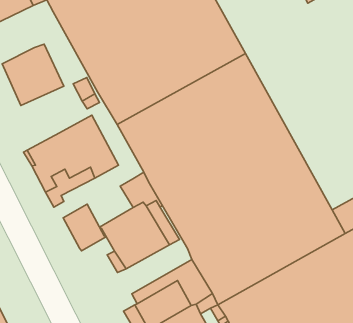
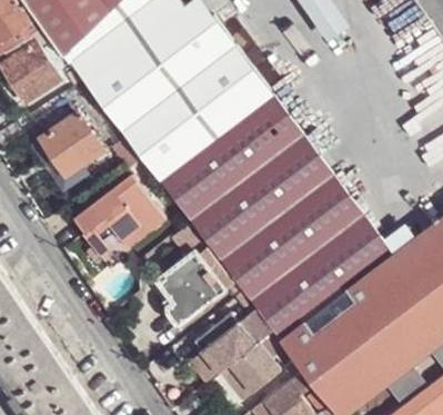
building: [63,204,106,251] -> none

